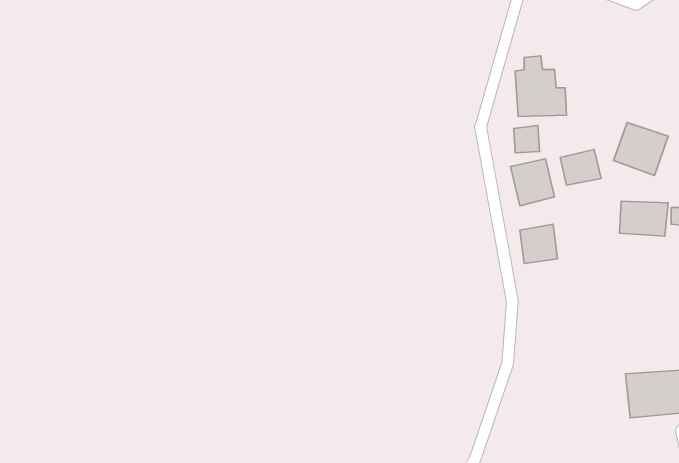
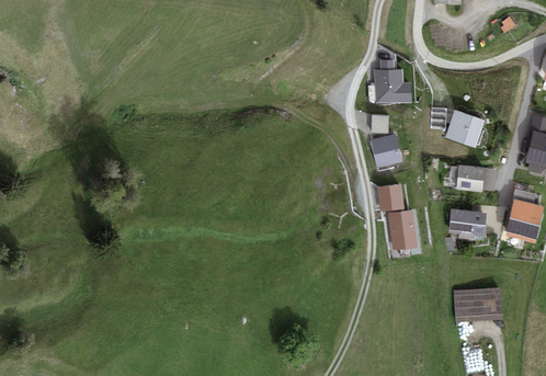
building: [560,150,601,185] -> none
building: none -> [388,208,418,250]
building: none -> [450,208,487,233]

